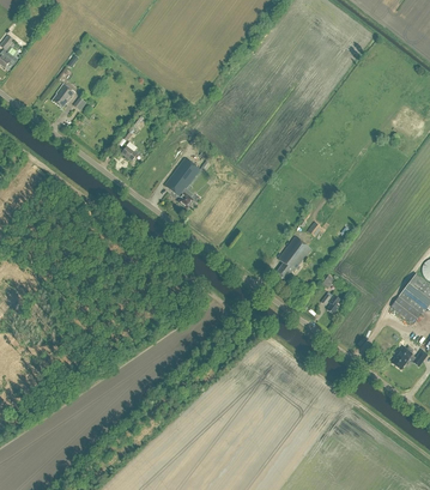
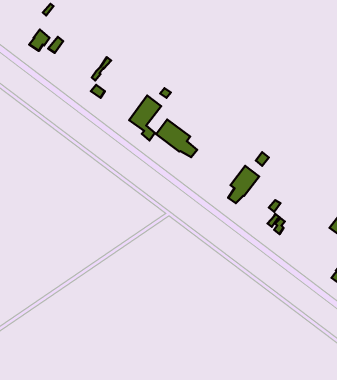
building: none -> [156,120,197,157]

